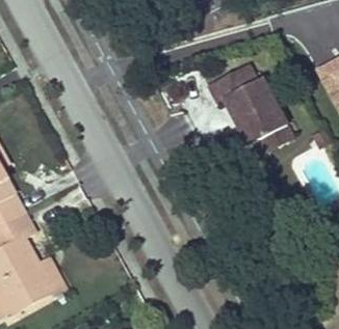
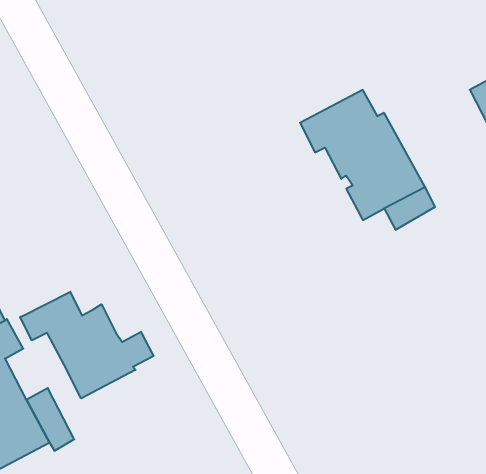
building: none -> [20,292,154,398]

